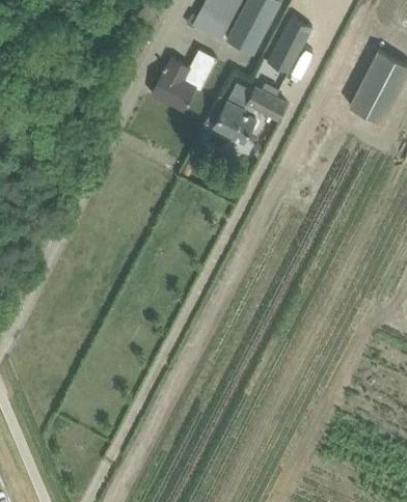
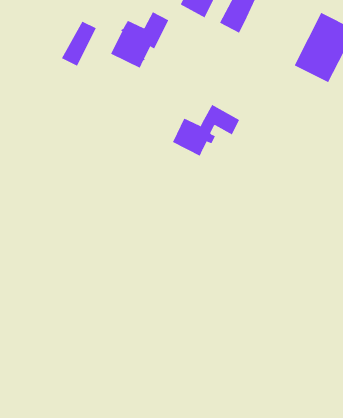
building: none -> [61,21,97,66]
building: [213,86,286,142] -> [172,104,240,157]

